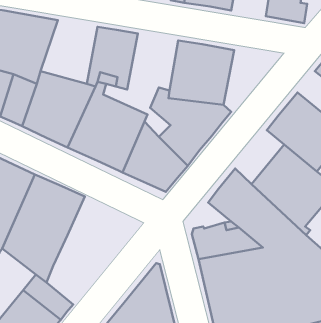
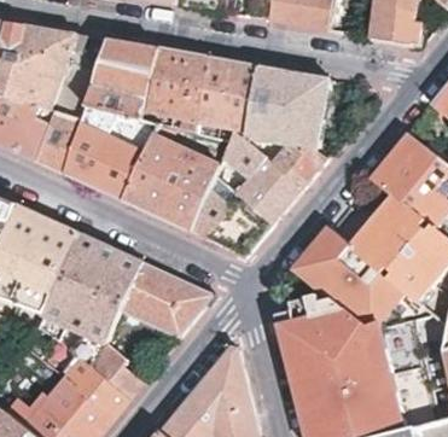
building: none -> [86,40,157,120]
building: none -> [194,57,258,129]
building: none -> [120,261,210,340]
building: none -> [93,340,141,396]

